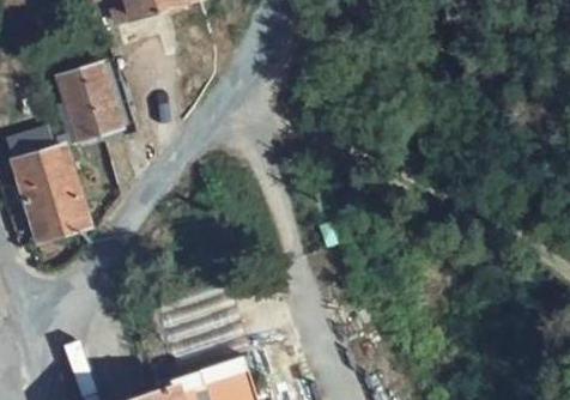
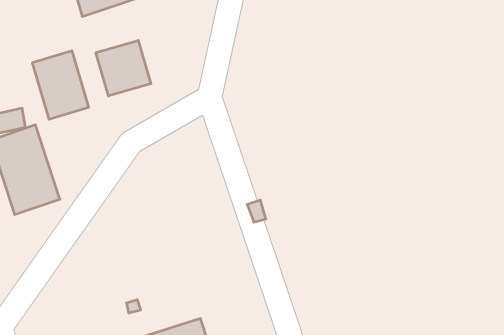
building: none -> [96,40,151,96]

